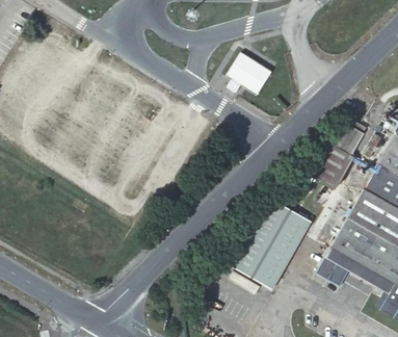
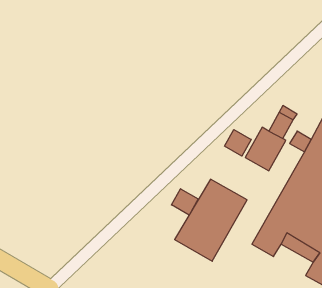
building: [227,56,264,97] -> none
building: none -> [225,130,251,156]
building: none -> [171,189,198,215]

